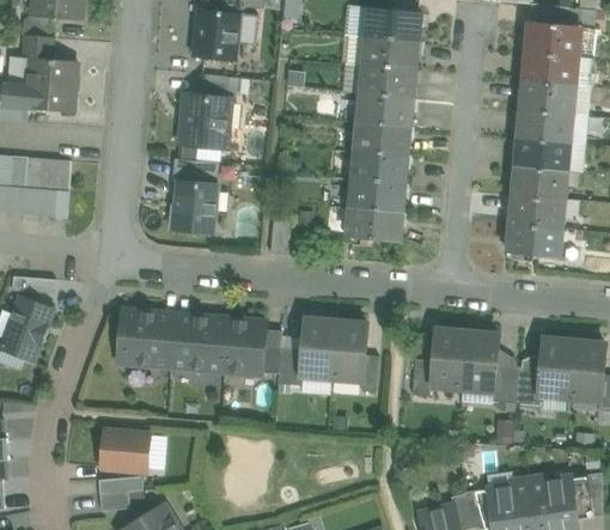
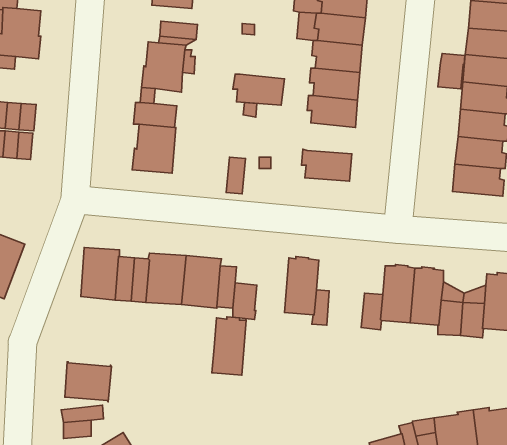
building: none -> [438,54,465,89]
building: [350,181,404,213] -> [233,74,284,105]
building: [299,318,335,379] -> [212,317,246,375]

